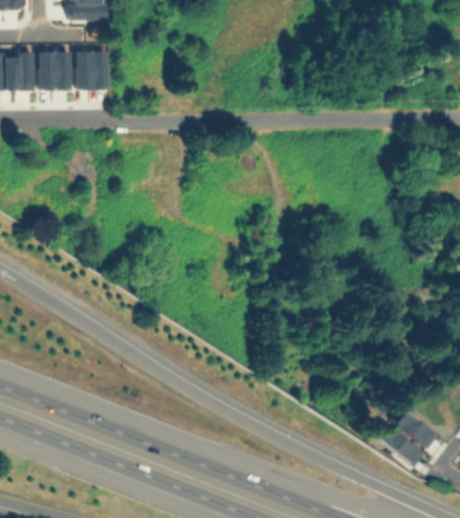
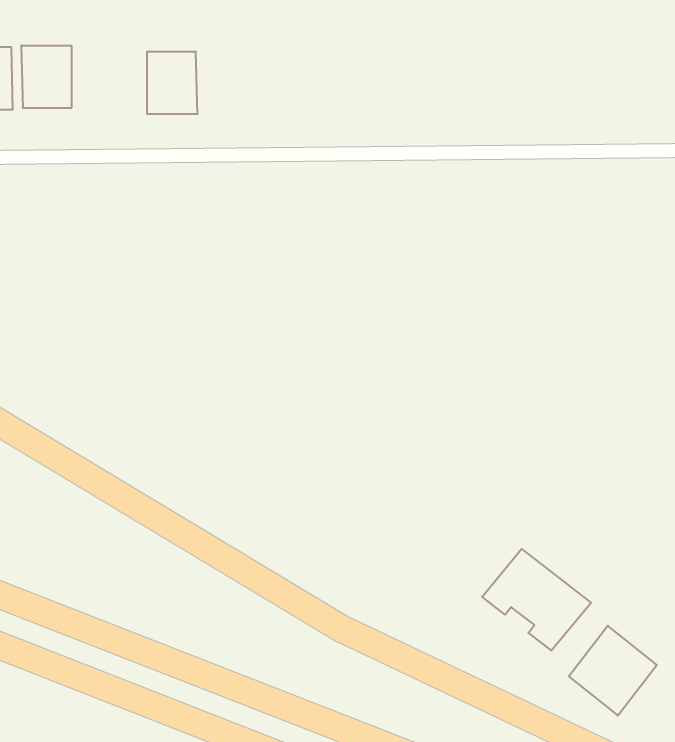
building: [77,50,108,89] -> [147,52,198,114]
building: none -> [482,549,591,651]

